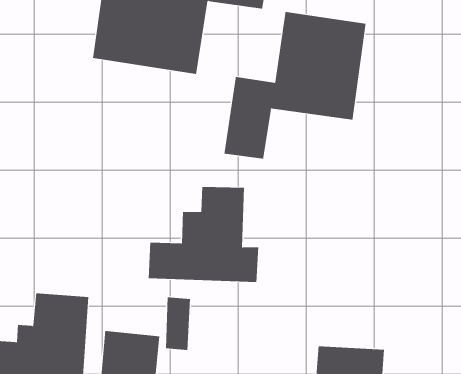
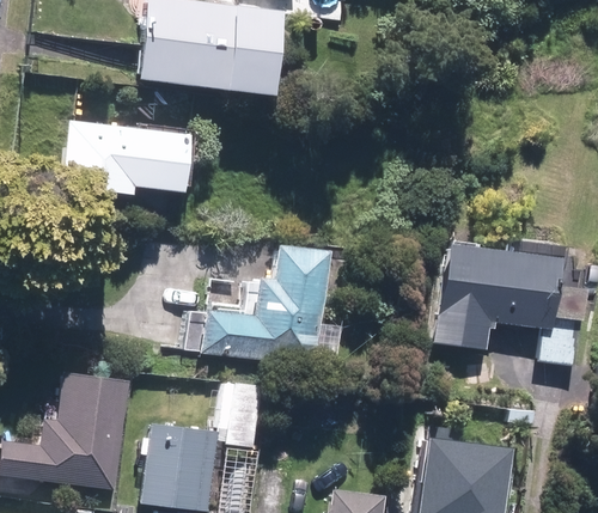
building: [224,11,366,160] -> none
building: none -> [63,116,197,199]
building: none -> [437,243,556,349]

